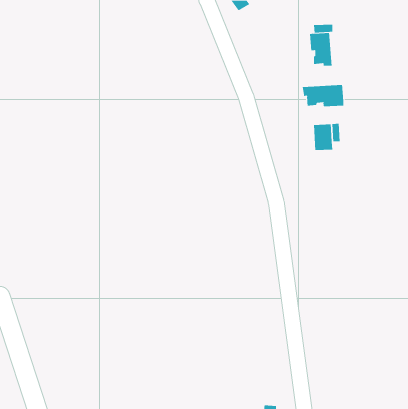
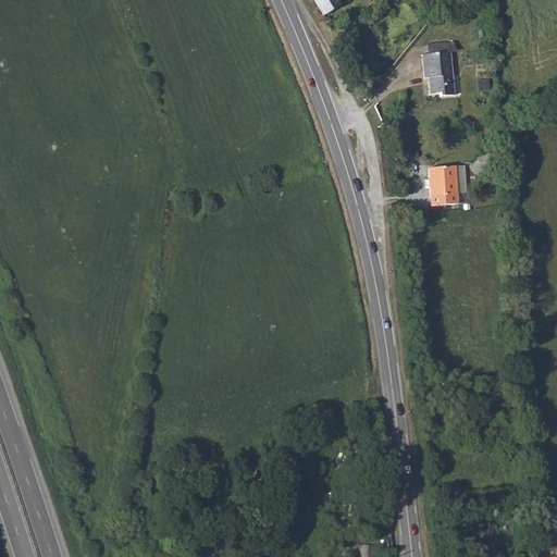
building: [302,84,344,107] -> none

